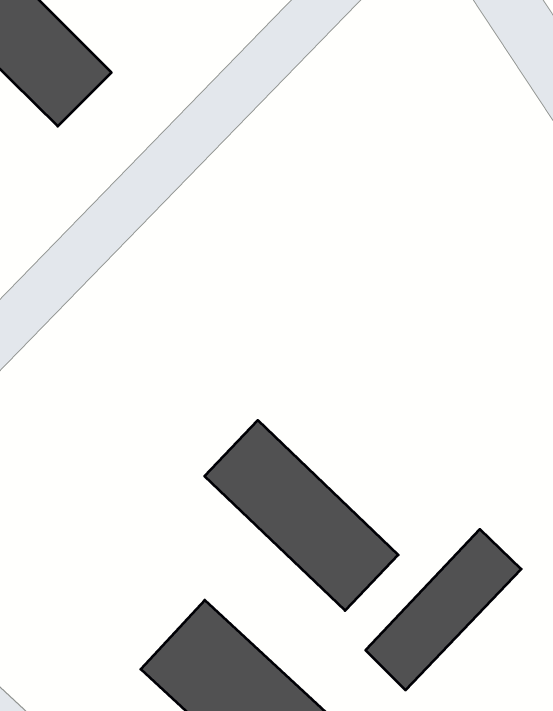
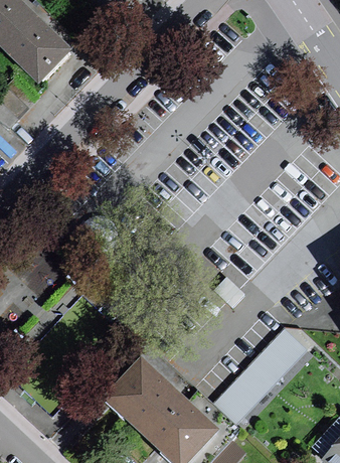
building: [205,420,398,611] -> none

